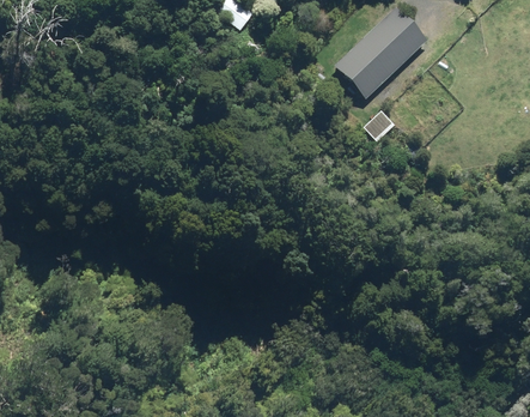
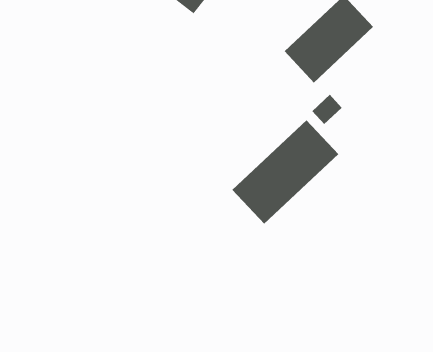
building: none -> [231,120,339,224]

